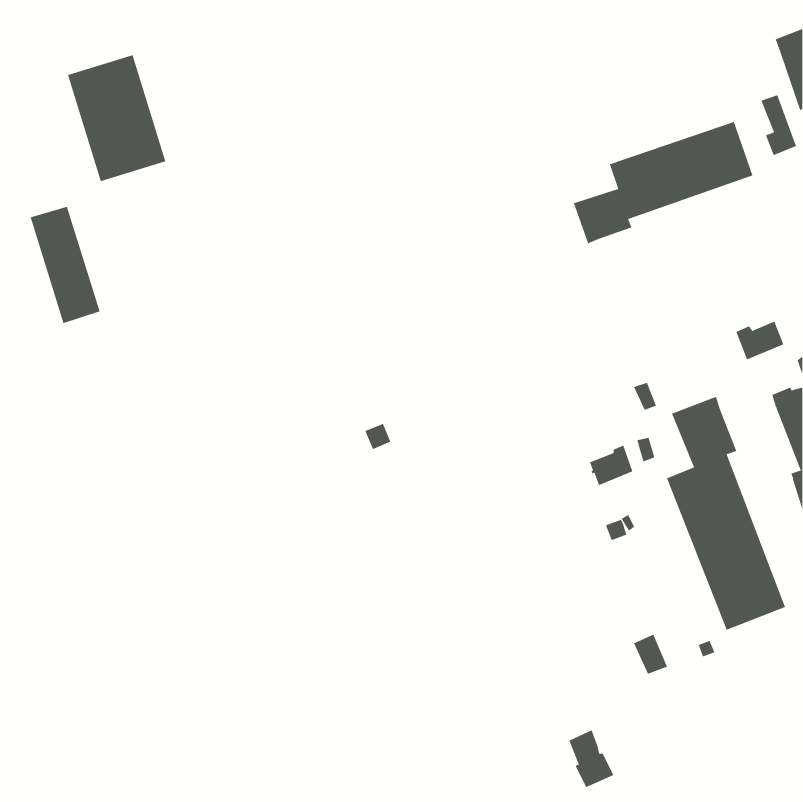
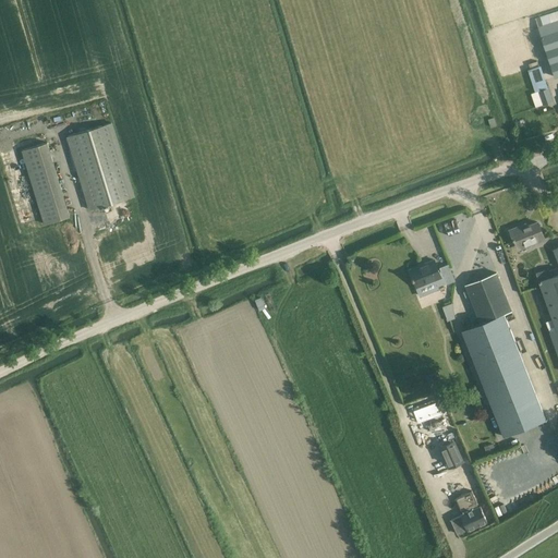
building: [67,54,166,182] -> [66,123,135,211]
building: [573,121,753,244] -> none
building: [589,445,633,486] -> [410,262,440,290]
building: [569,730,614,788] -> [456,492,487,532]

